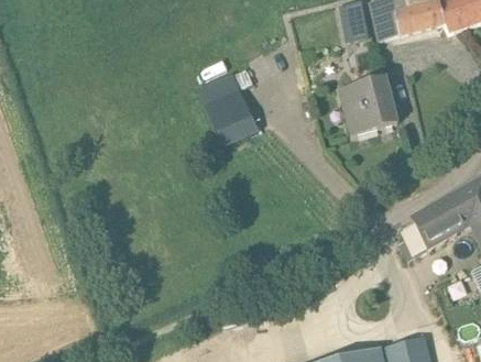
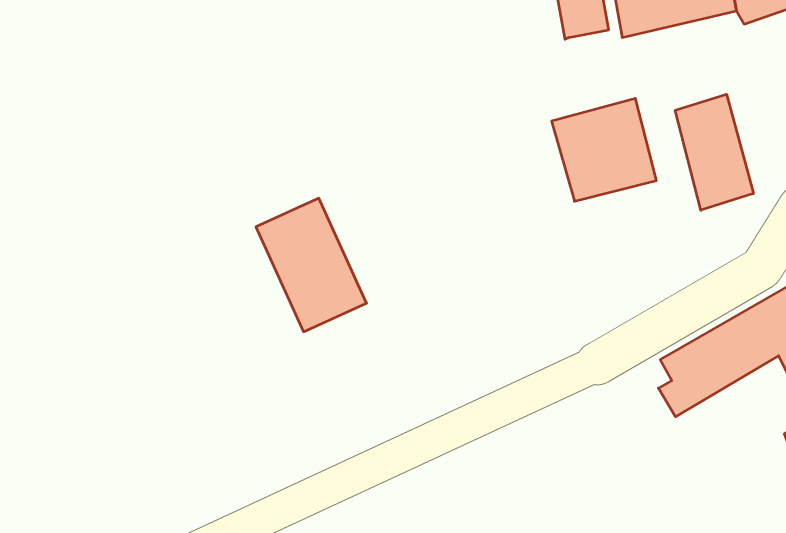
building: [196,69,260,146] -> [256,198,367,332]
building: none -> [675,94,753,210]

